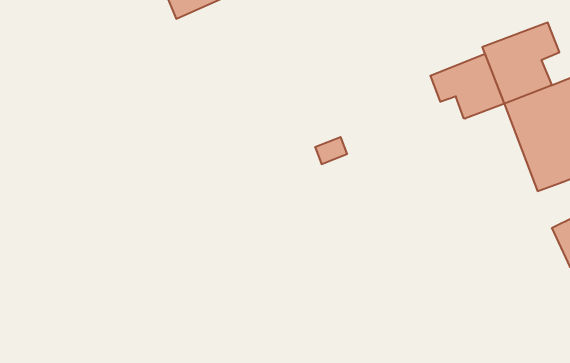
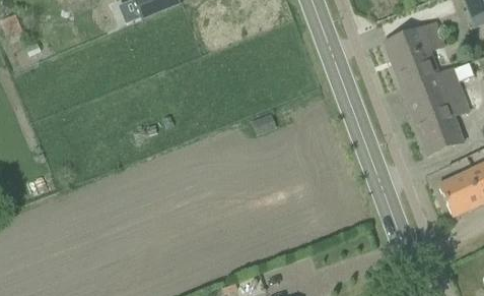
building: [430,54,504,119] -> none

